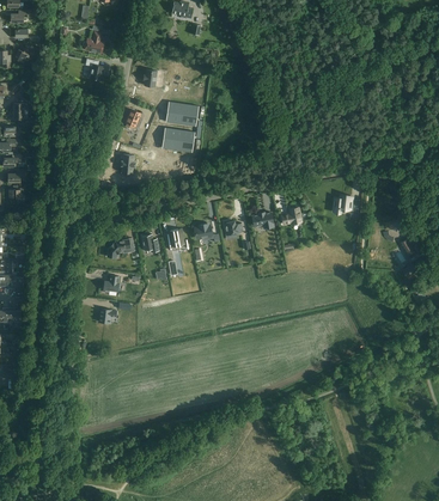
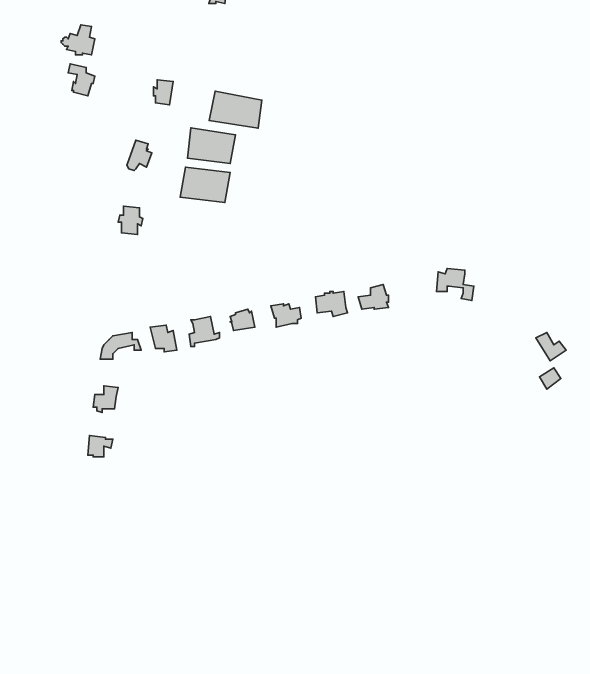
building: none -> [209,91,262,128]

